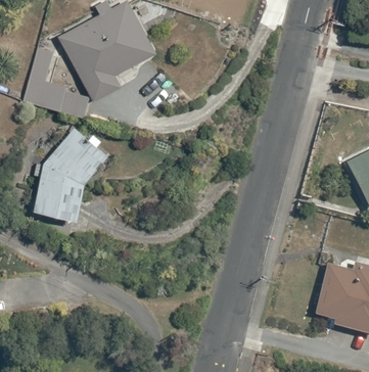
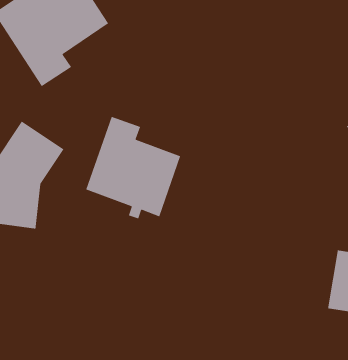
building: none -> [85,116,181,220]

